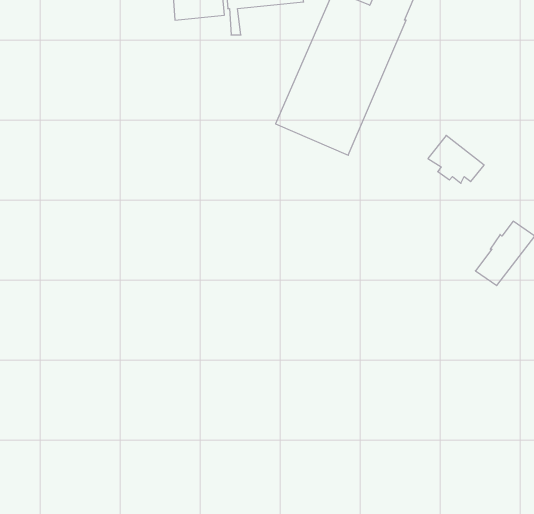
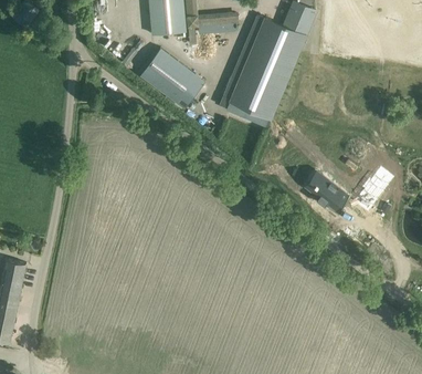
building: none -> [139,49,204,110]
building: [428,135,484,183] -> [309,176,347,208]

